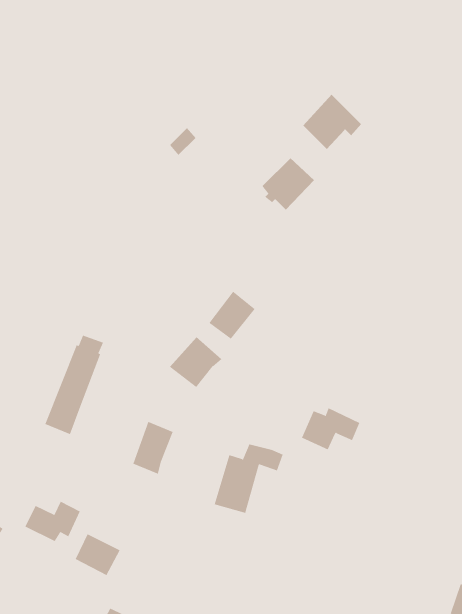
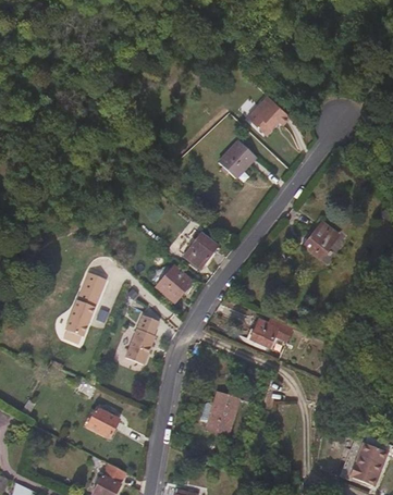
building: none -> [304,220,339,257]
building: [214,444,284,514] -> [207,383,257,433]
building: [25,501,80,542] -> none

